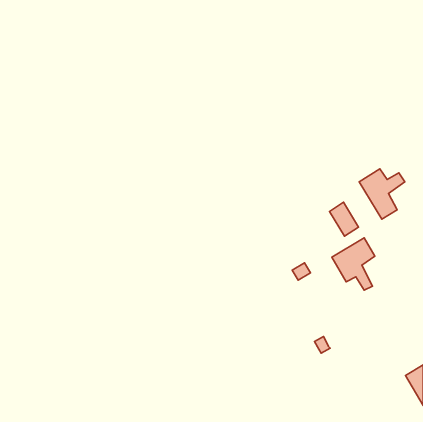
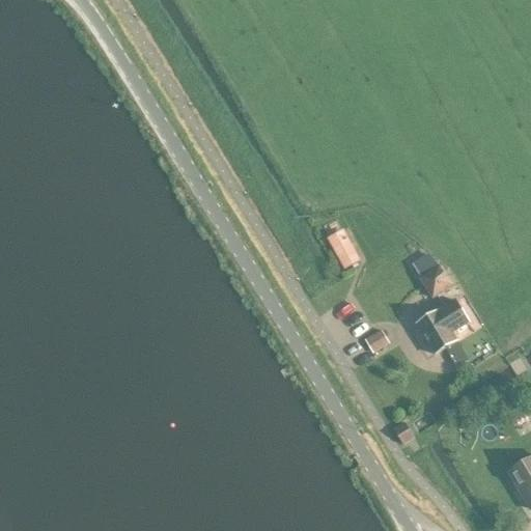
building: [359,169,405,219] -> none
building: none -> [327,227,359,267]

